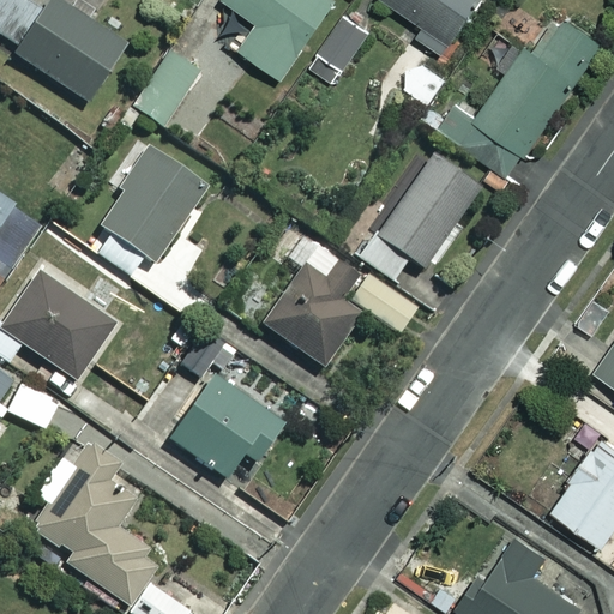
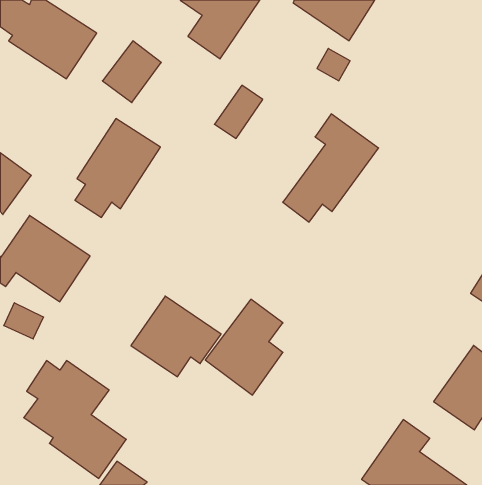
building: [441,7,604,175] -> none
building: [309,16,371,83] -> [214,85,263,138]
building: [260,243,359,365] -> [205,299,283,395]

